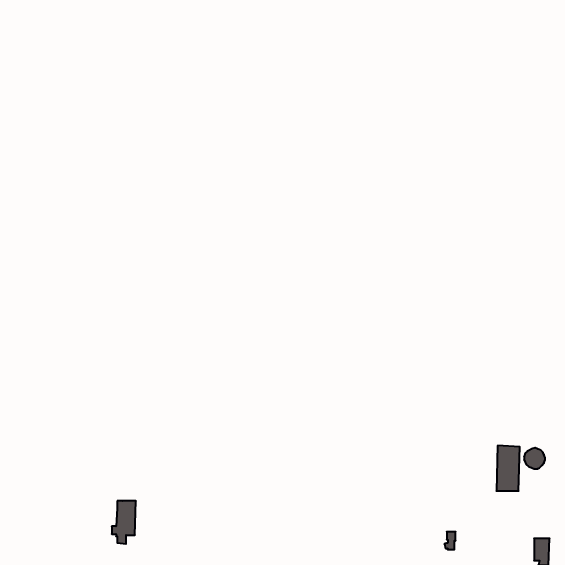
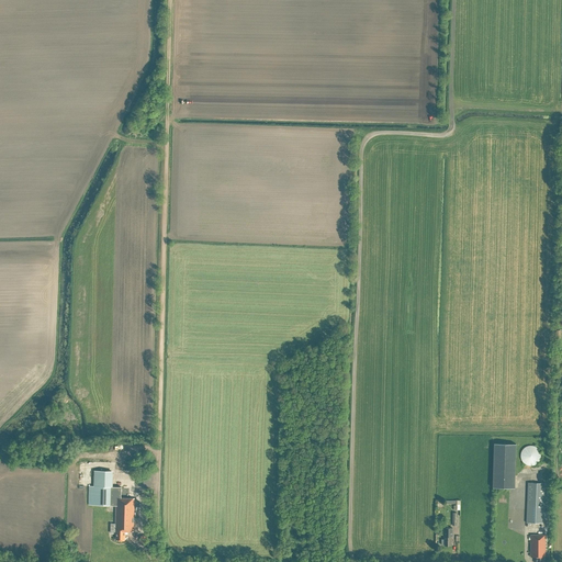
building: none -> [526,482,550,527]
building: none -> [89,485,122,505]

